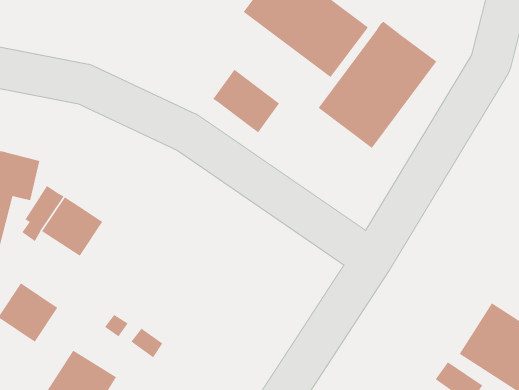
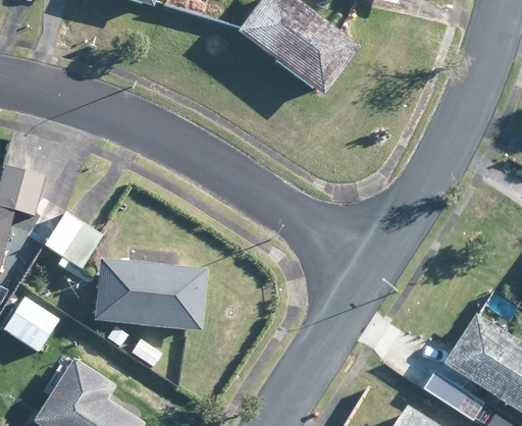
building: [318,21,437,149] -> none
building: [213,69,280,133] -> none
building: none -> [94,258,207,330]

